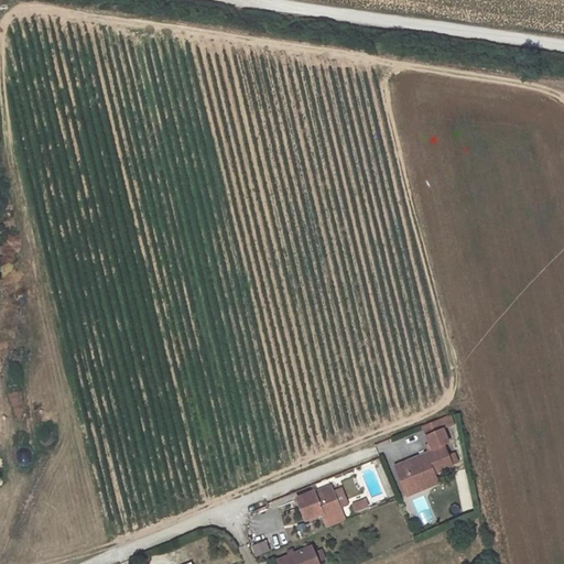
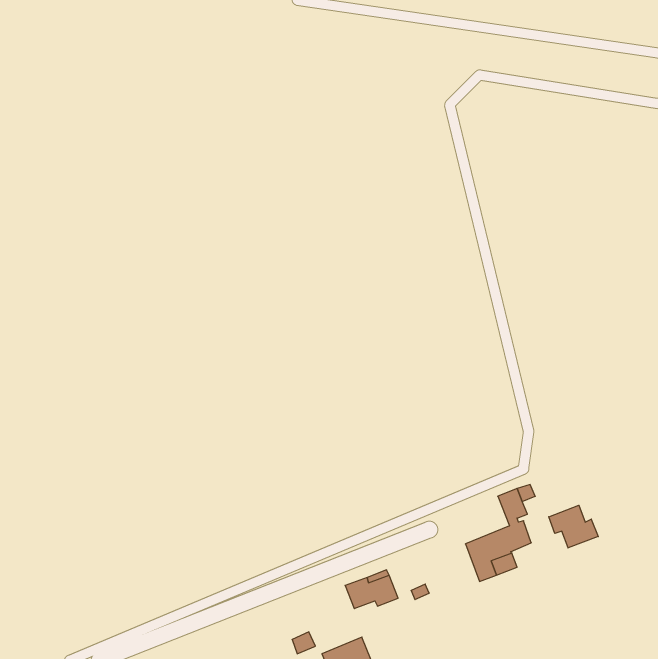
building: none -> [549,505,598,548]

